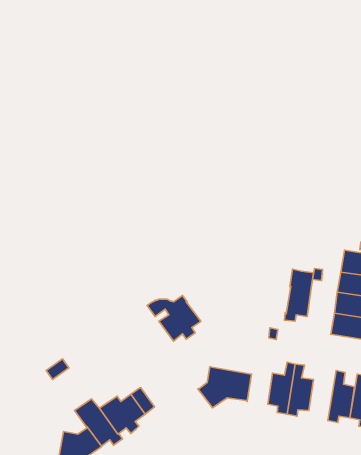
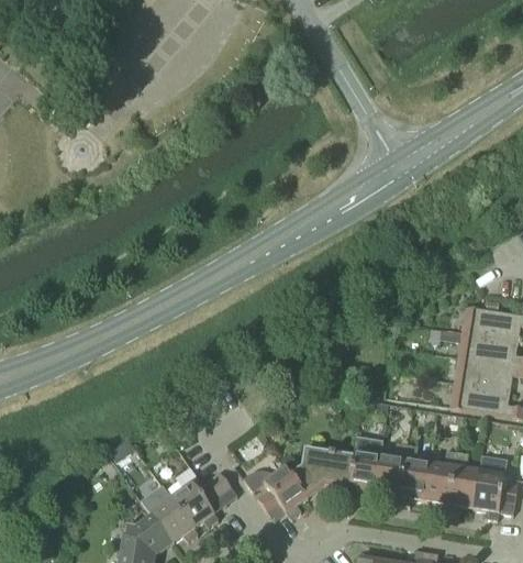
building: [284,269,313,321] -> [347,433,382,496]
building: [147,296,201,341] -> [243,464,308,519]
building: none -> [424,449,457,510]

